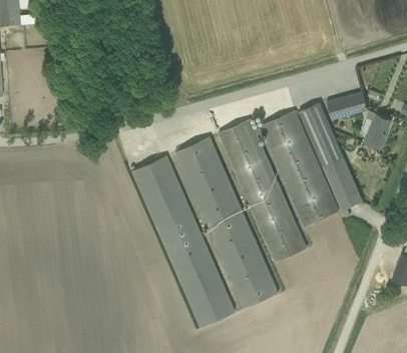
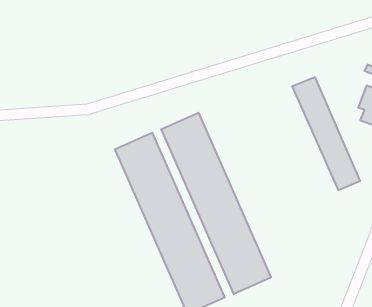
building: [326,89,368,119] -> none
building: [260,109,338,225] -> none
building: [217,118,306,263] -> none

